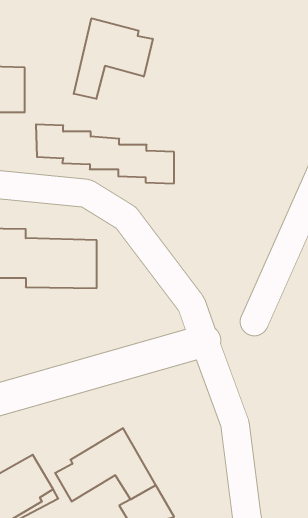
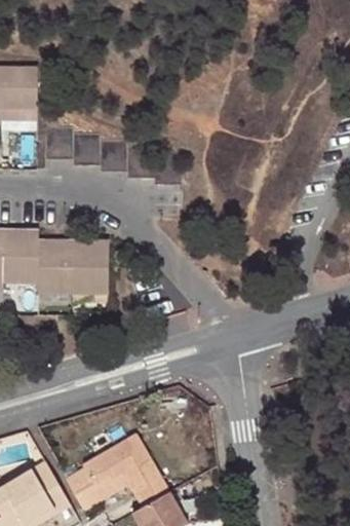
building: [74,18,153,99] -> none

